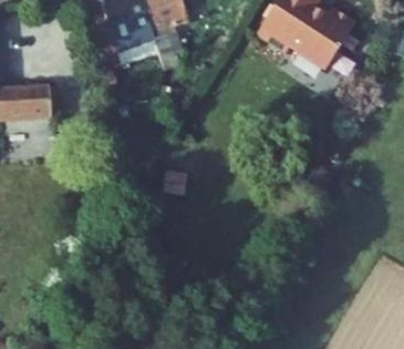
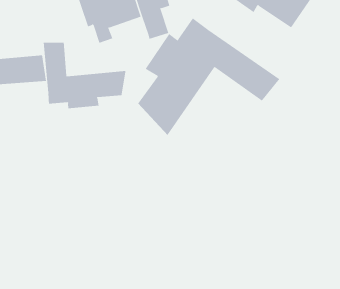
building: none -> [137,18,280,136]
building: none -> [43,42,126,109]

